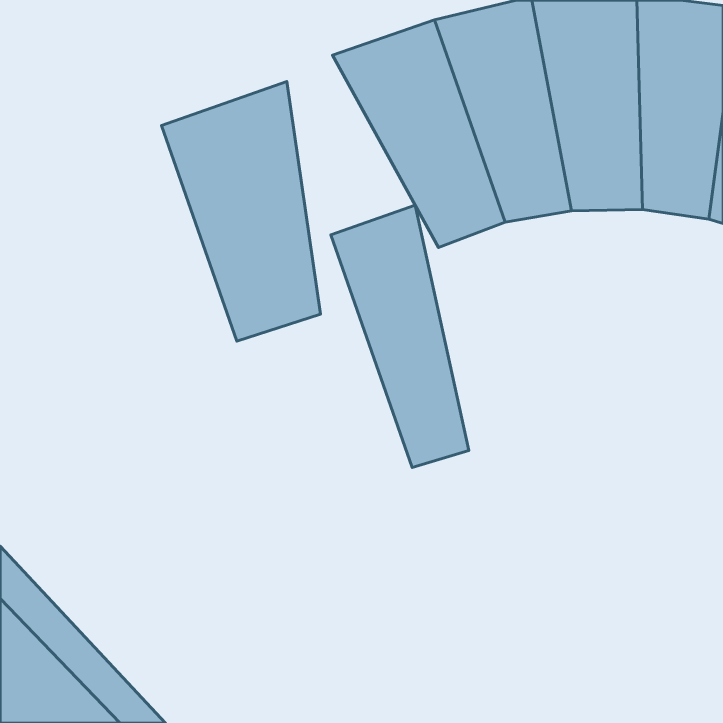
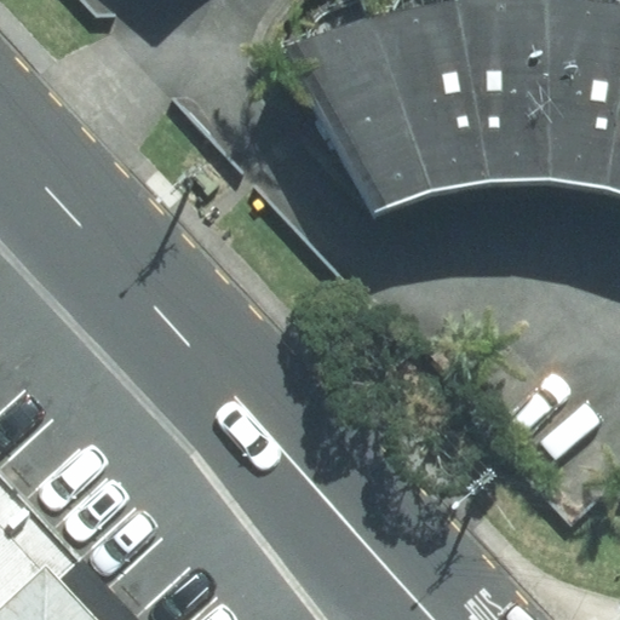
building: [162,81,320,341] -> none
building: [331,205,469,468] -> none

